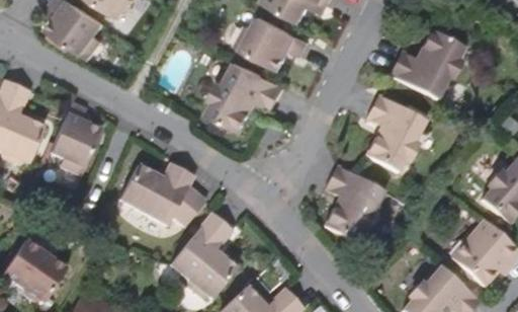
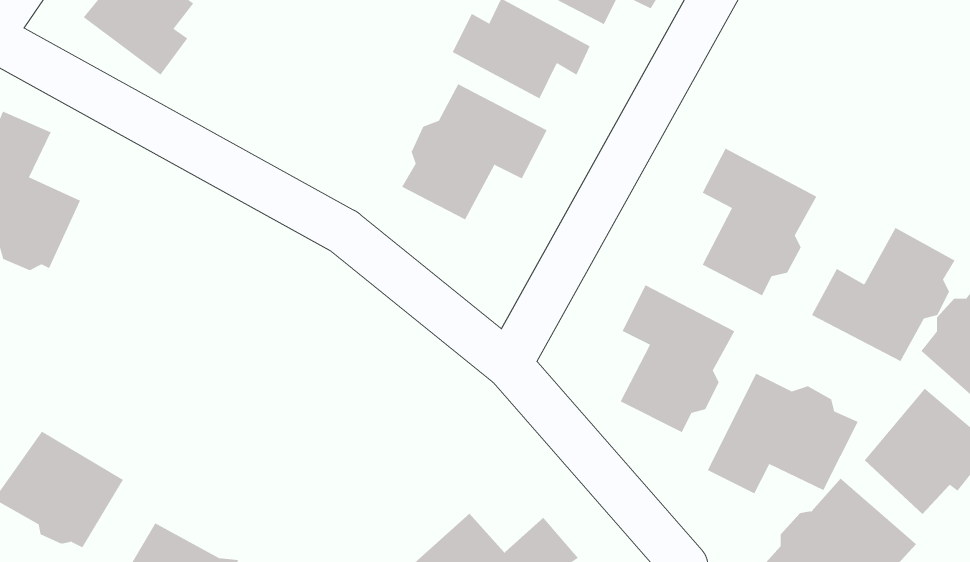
building: [390,30,464,100] -> [811,227,956,362]
building: [49,100,100,173] -> none
building: [118,162,204,225] -> none
building: none -> [707,373,859,494]
building: [170,213,236,298] -> none

